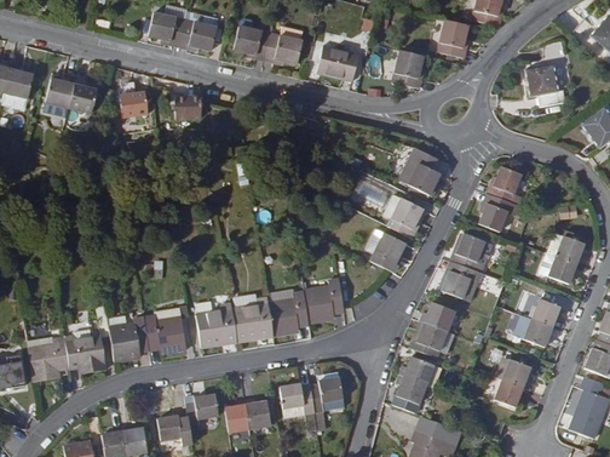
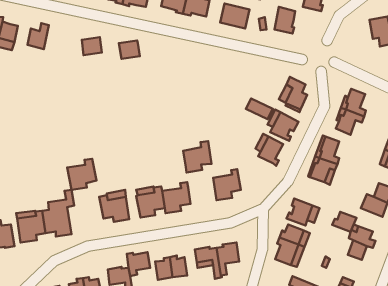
building: [69,75,97,114] -> none
building: [271,290,311,333] -> [183,141,212,172]
building: [420,301,454,329] -> [332,212,356,232]
building: [111,316,152,360] -> [67,159,97,190]

